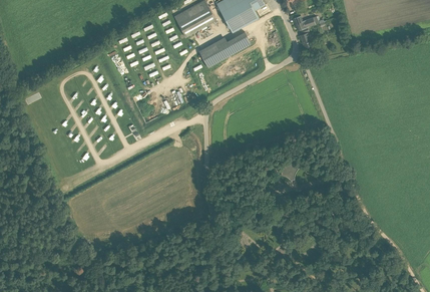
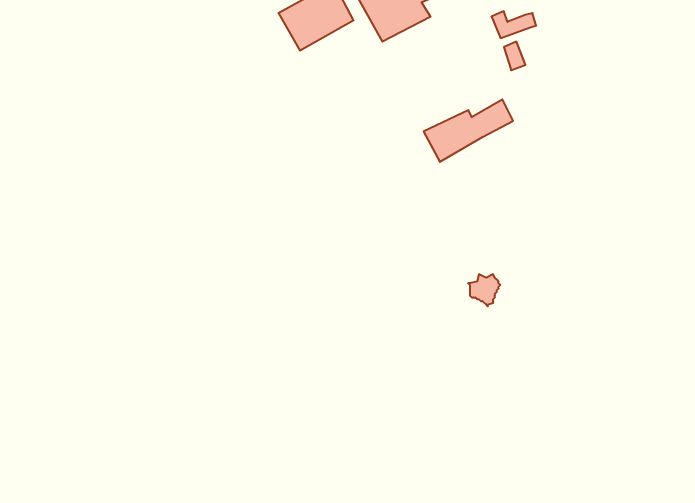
building: [200,33,251,68] -> [424,99,513,162]

